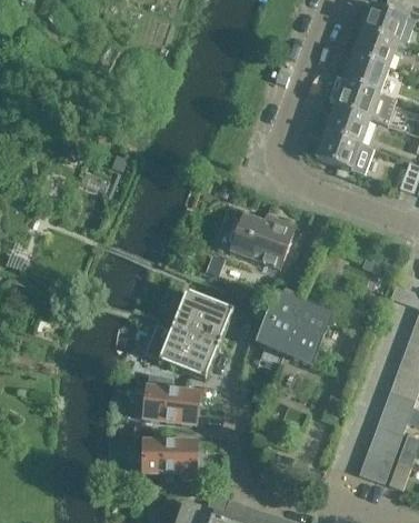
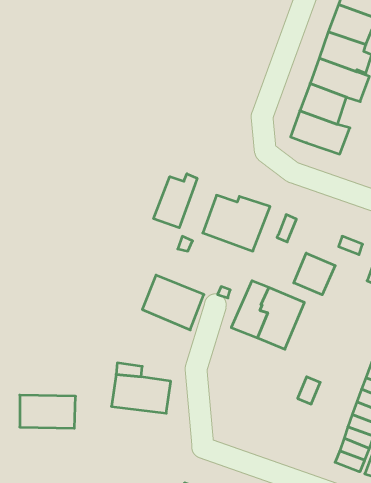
building: none -> [154,174,197,228]
building: none -> [294,253,335,295]
building: [158,323,219,379] -> none
building: [142,441,197,473] -> [20,395,76,428]

